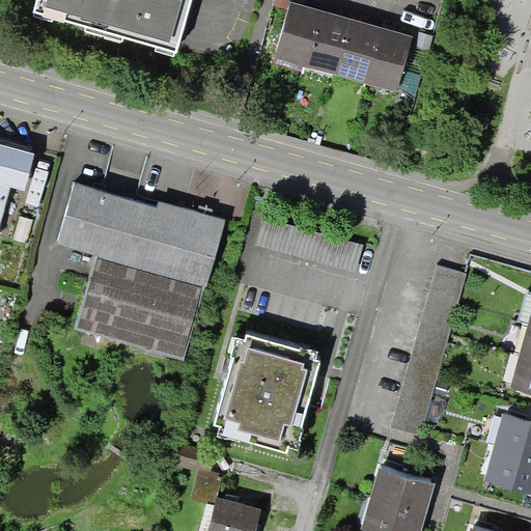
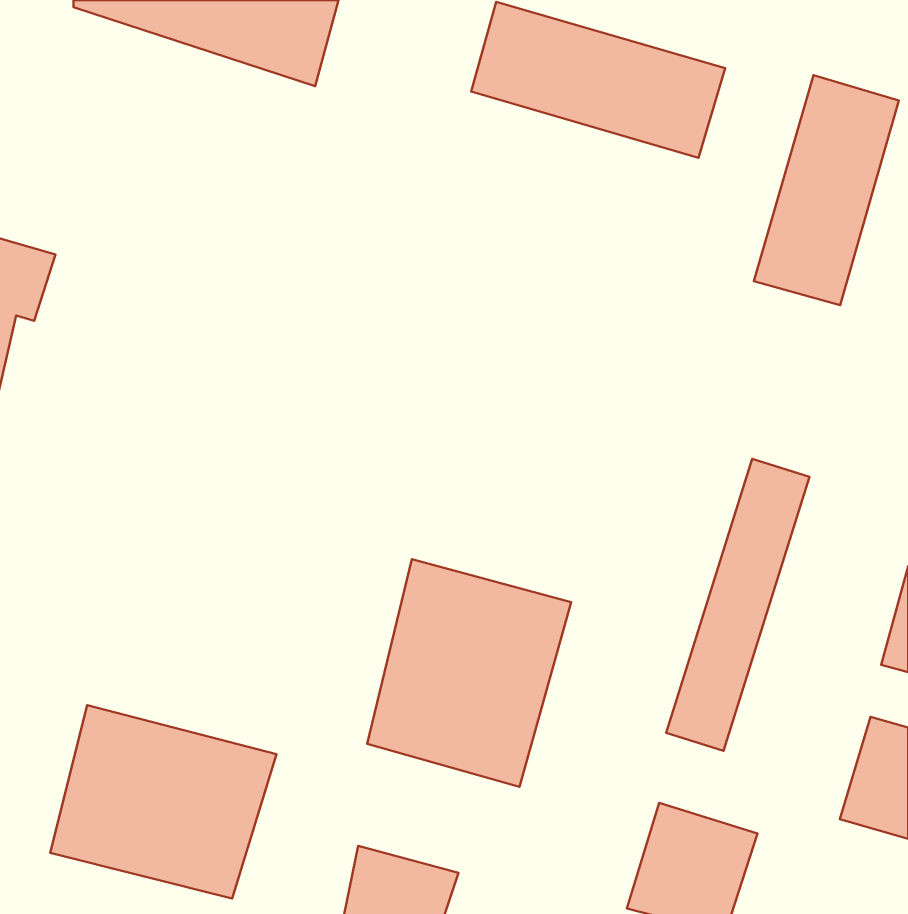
building: none -> [754,75,899,305]
building: [55,180,231,362] -> none
building: none -> [50,705,277,898]

